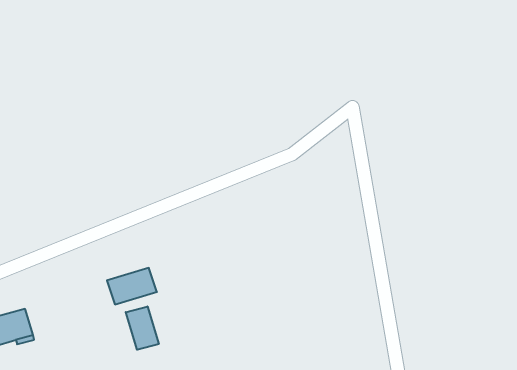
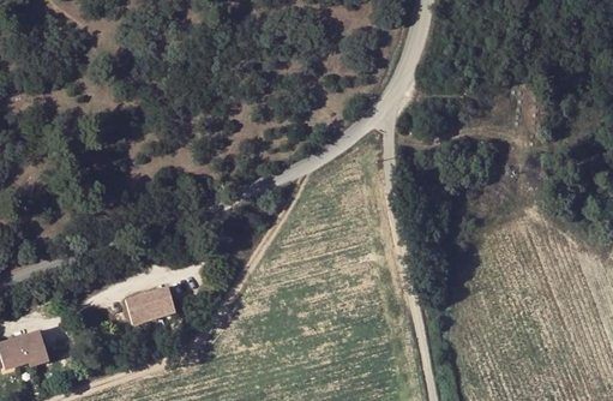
building: [126,306,159,350] -> none

